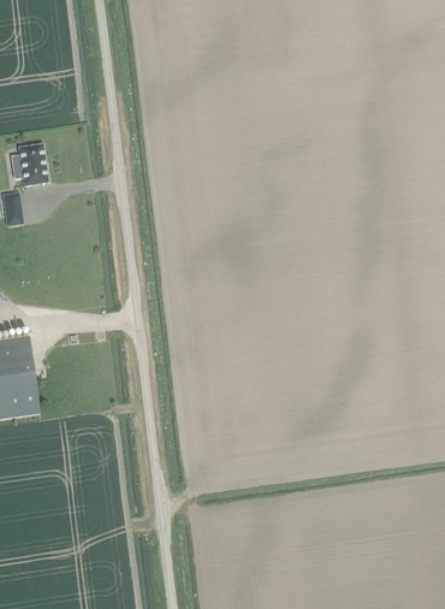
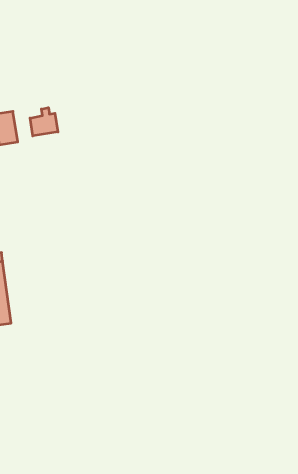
building: none -> [30,108,58,136]

